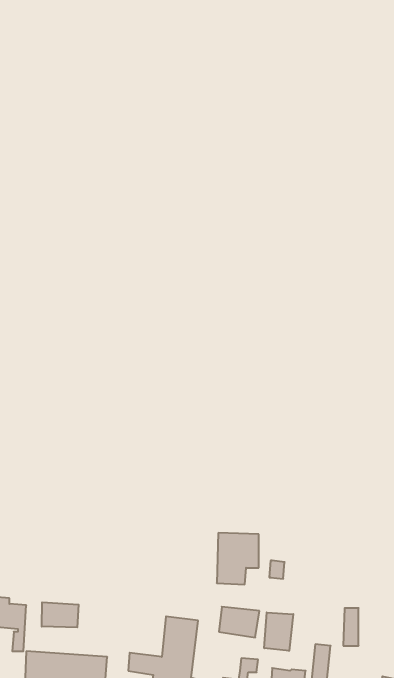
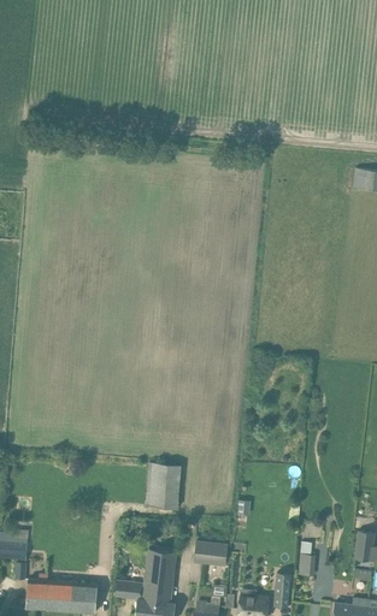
building: [217,533,259,584] -> [147,463,183,508]
building: [42,602,79,627] -> none
building: [264,612,293,651] -> none

